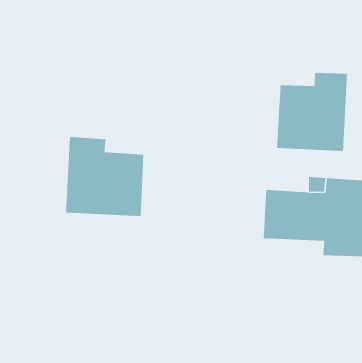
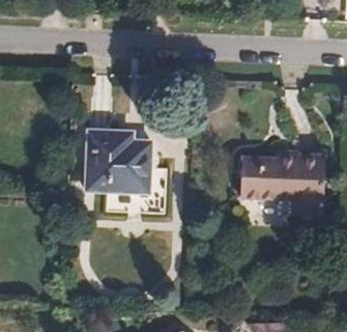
building: [276,72,347,152] -> none

